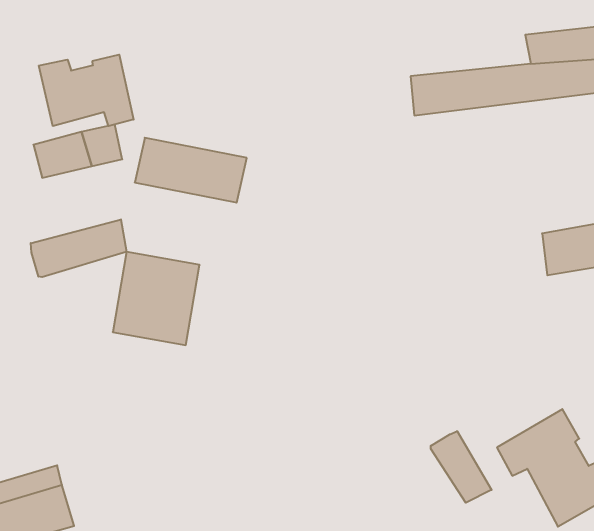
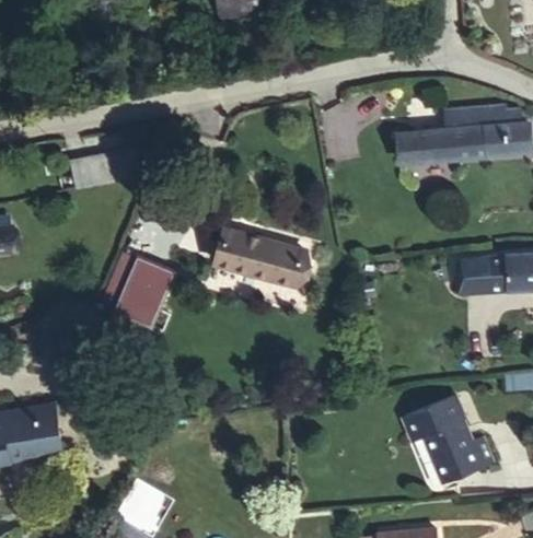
building: [39,55,134,126] -> none
building: [135,138,247,203] -> [216,232,304,289]
building: [31,219,126,277] -> none
building: [431,431,492,503] -> none

